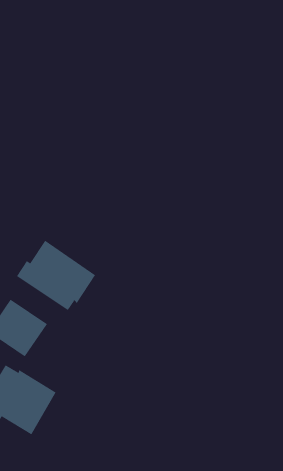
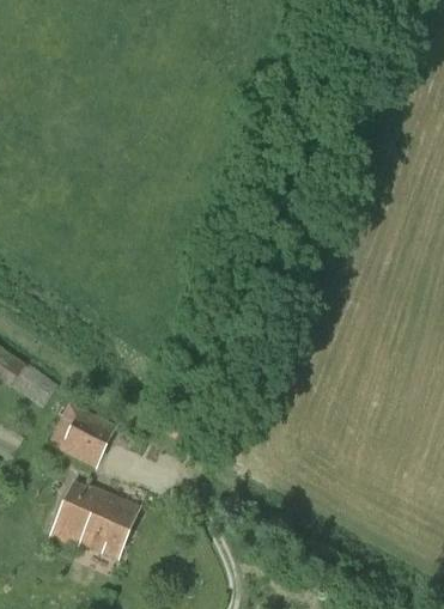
building: [16,240,96,311] -> none

